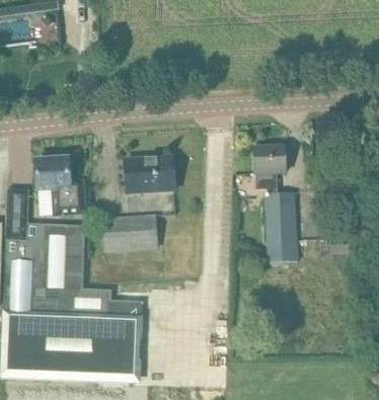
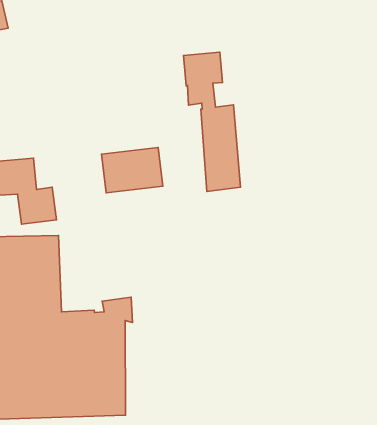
building: [253,146,295,261] -> [183,52,240,191]
building: [102,214,157,250] -> none

